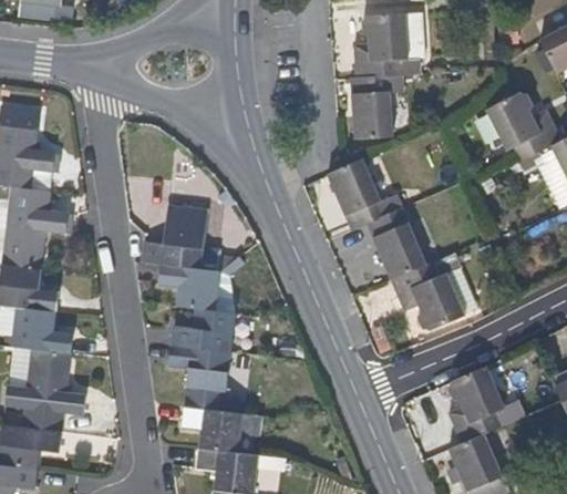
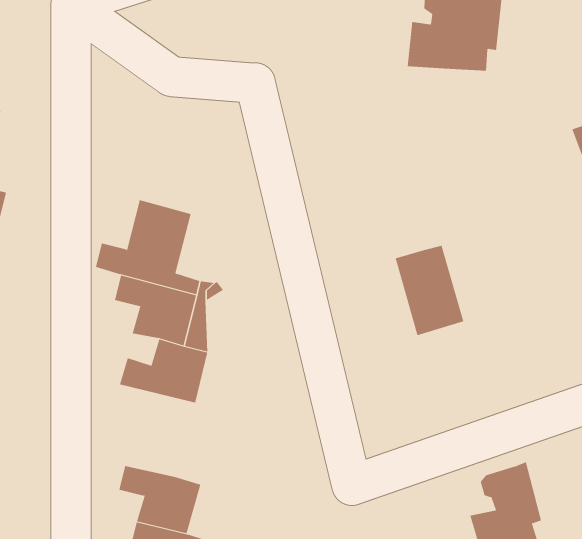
building: [353,75,392,137] -> none
building: [330,159,386,230] -> none
building: [391,263,463,330] -> none
building: [167,347,230,411] -> none

